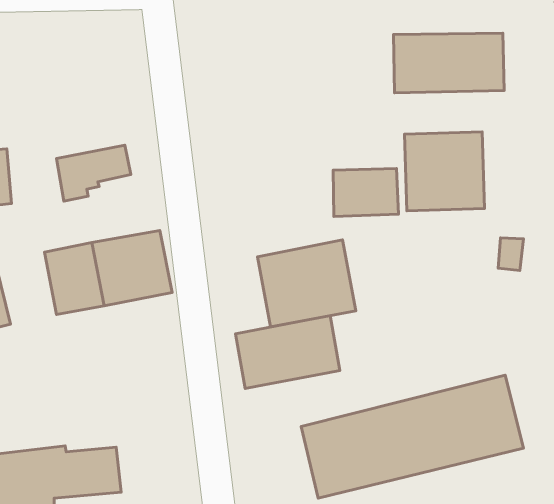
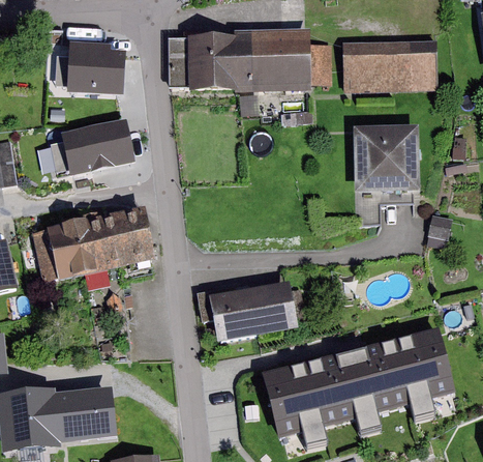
building: none -> [167,29,326,90]
building: none -> [66,48,124,104]
building: [333,169,398,216] -> none
building: [258,240,356,327] -> none

